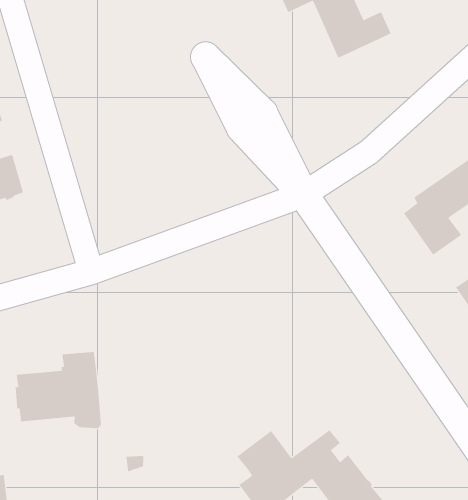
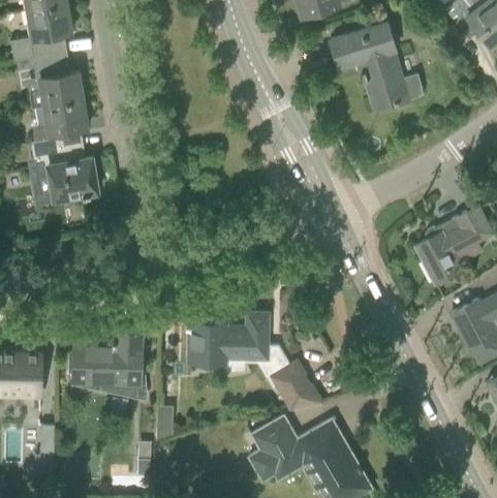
building: none -> [190,314,322,411]

